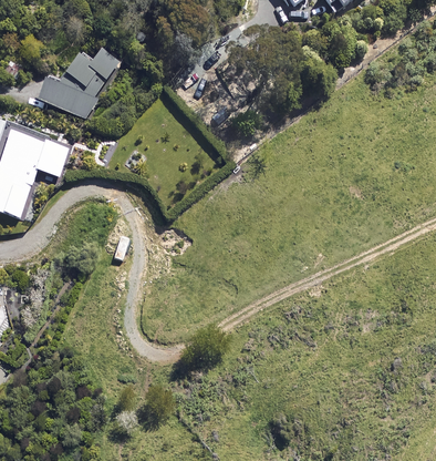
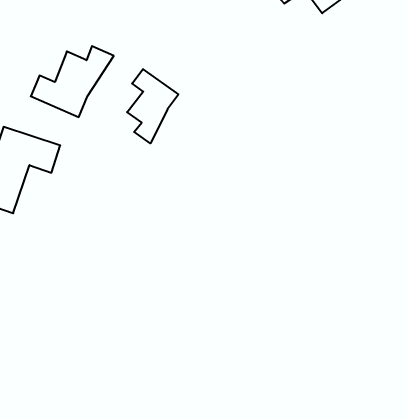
building: none -> [127,69,178,143]

